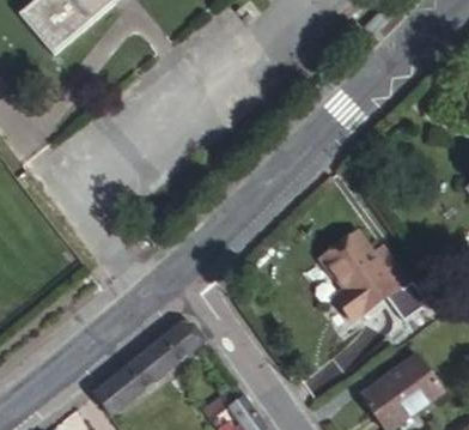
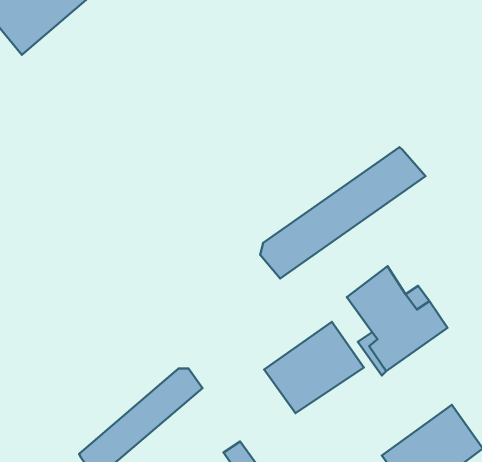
building: none -> [260,147,425,278]
building: none -> [264,322,364,413]

